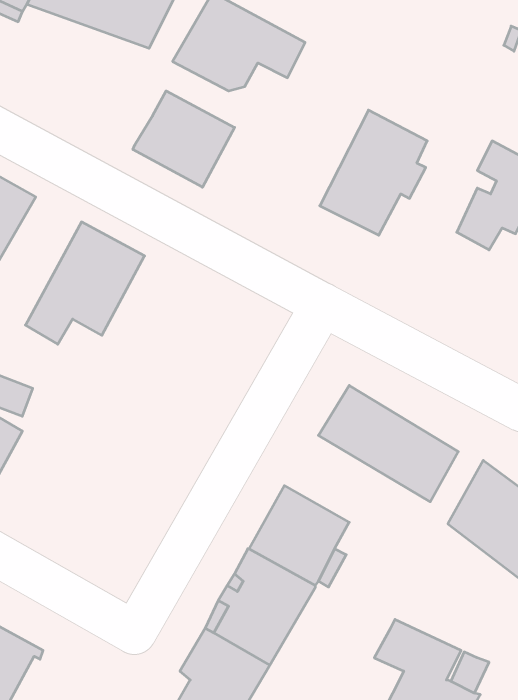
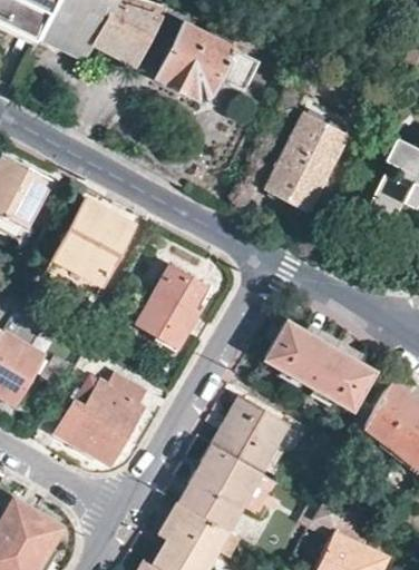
building: [133,91,235,187] -> none
building: none -> [135,265,212,350]
building: none -> [55,374,146,465]

